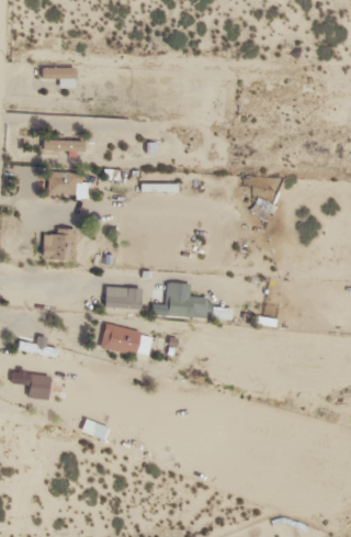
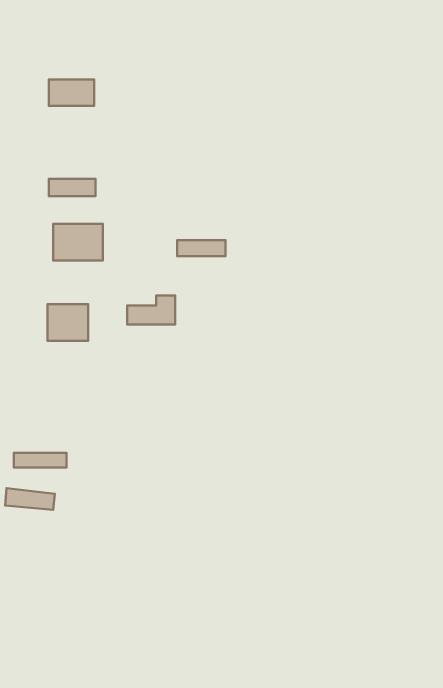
building: [165,283,205,314] -> none
building: [104,289,140,311] -> [127,295,175,325]
building: [101,327,150,354] -> none

